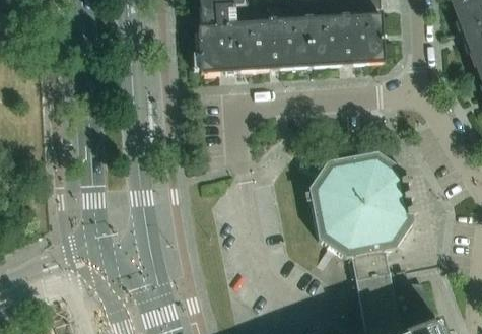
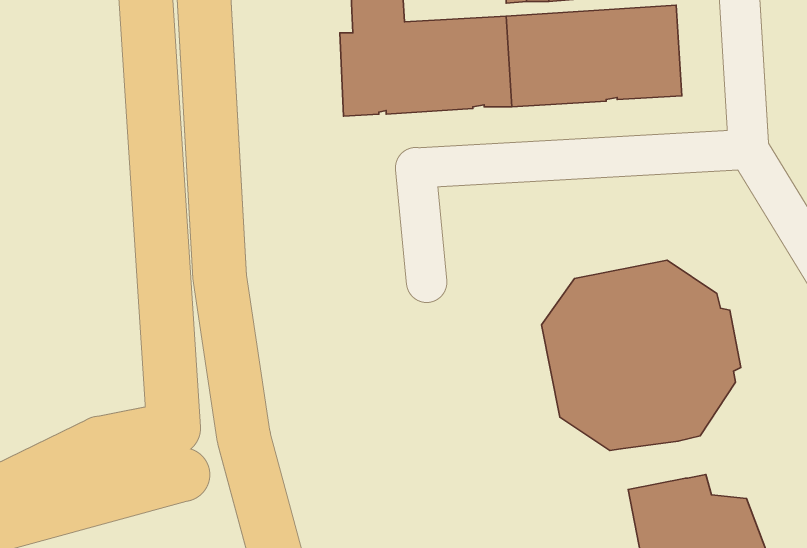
building: [351,252,387,278] -> none

